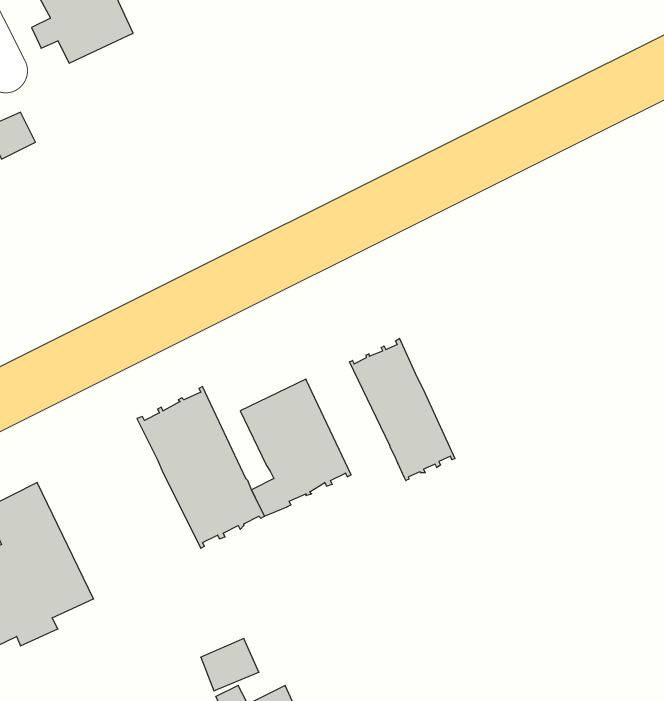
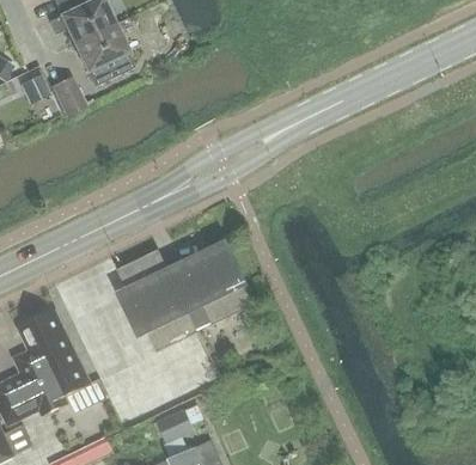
building: none -> [73,23,134,85]
building: none -> [51,75,85,115]
building: [350,338,455,481] -> none

